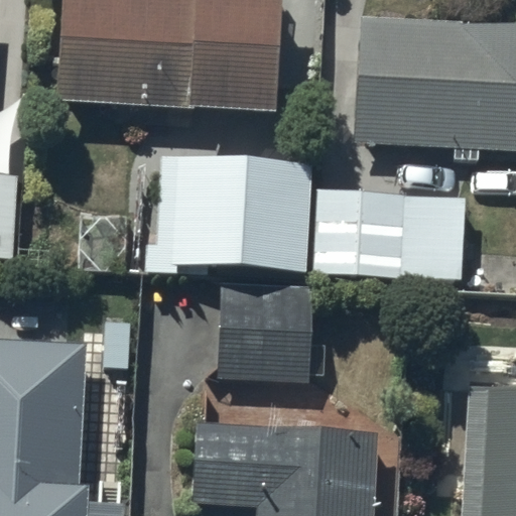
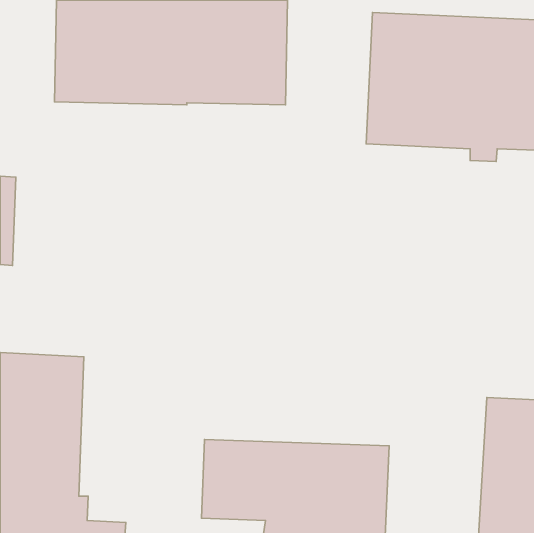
building: [144,154,312,271] -> none
building: [312,190,466,276] -> none
building: [218,284,308,379] -> none

